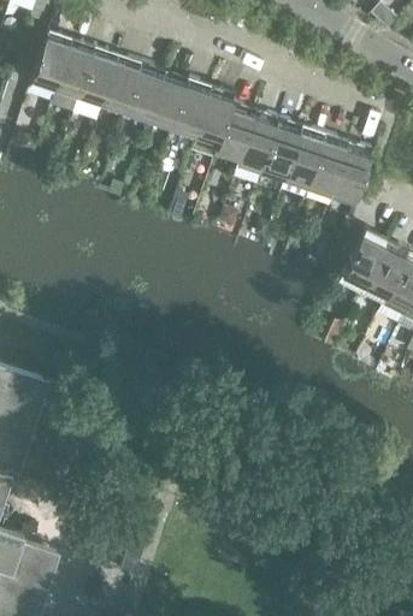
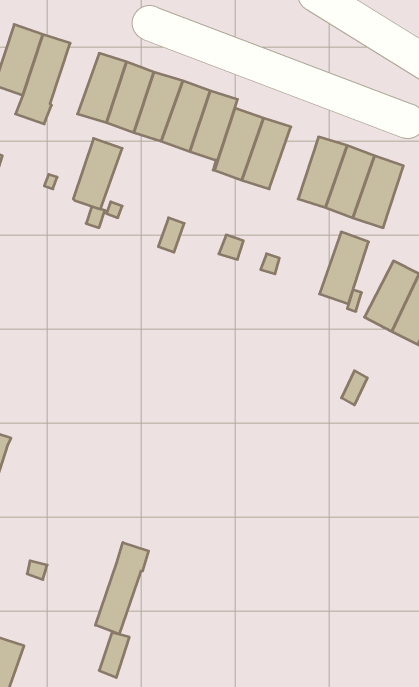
building: [77,49,118,108] -> [73,138,122,209]
building: [260,119,301,179] -> [319,232,369,304]
building: none -> [95,542,149,634]

